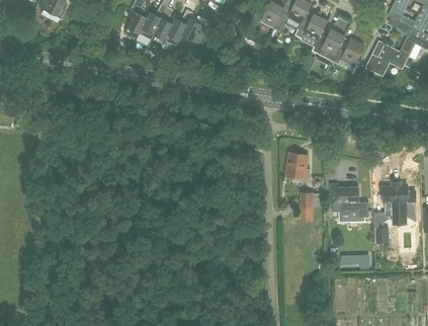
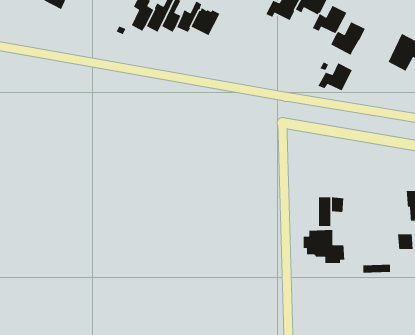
building: [331,38,364,66] -> [317,62,353,91]
building: [285,152,309,178] -> none
building: [331,186,370,219] -> [303,229,345,264]

